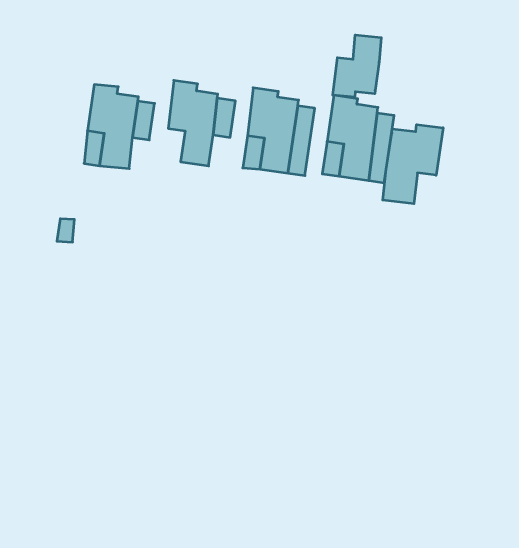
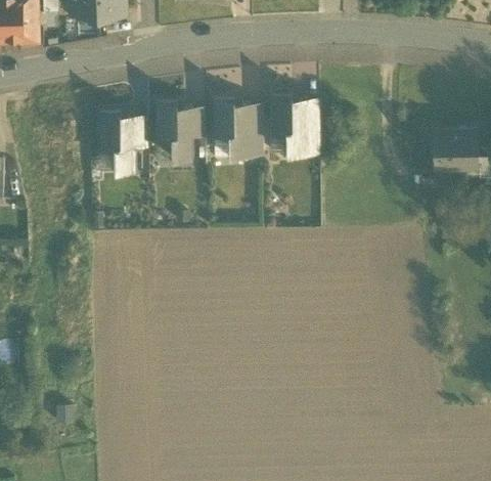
building: [333,35,381,97] -> none
building: [383,125,443,204] -> none

